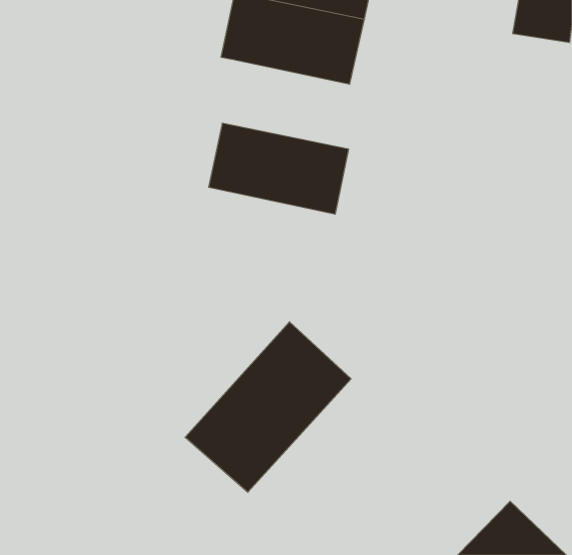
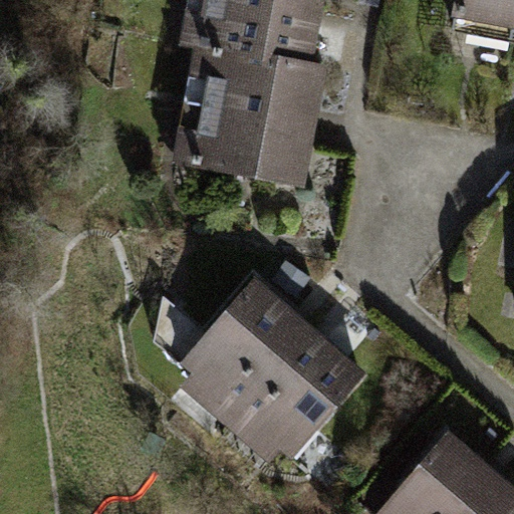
building: none -> [199,53,325,134]
building: none -> [222,339,360,483]

